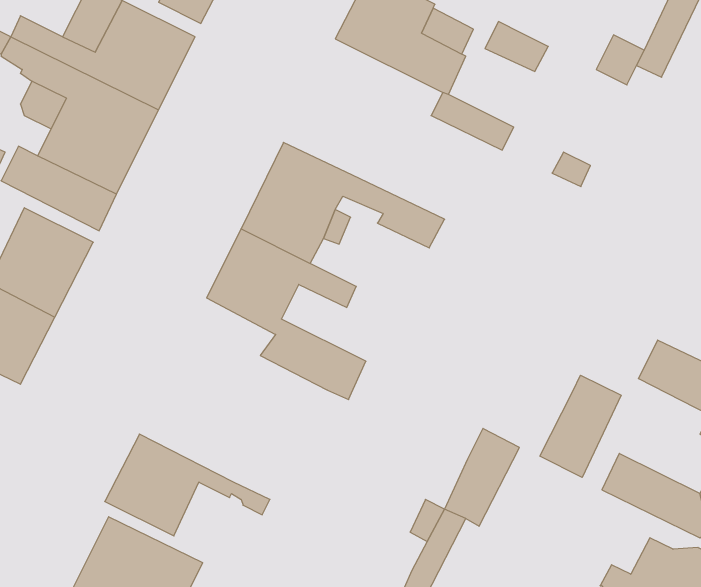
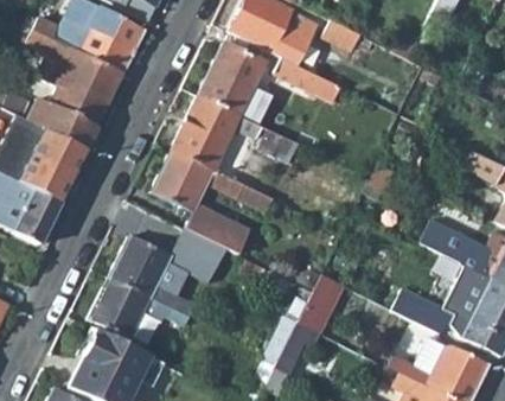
building: none -> [199,43,277,115]
building: none -> [110,227,226,305]
building: [540,375,621,477] -> none

